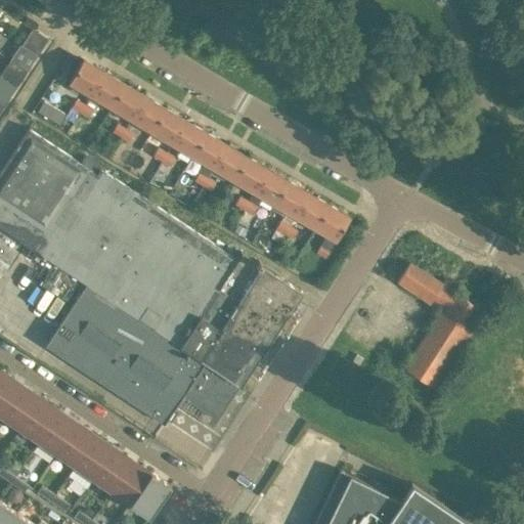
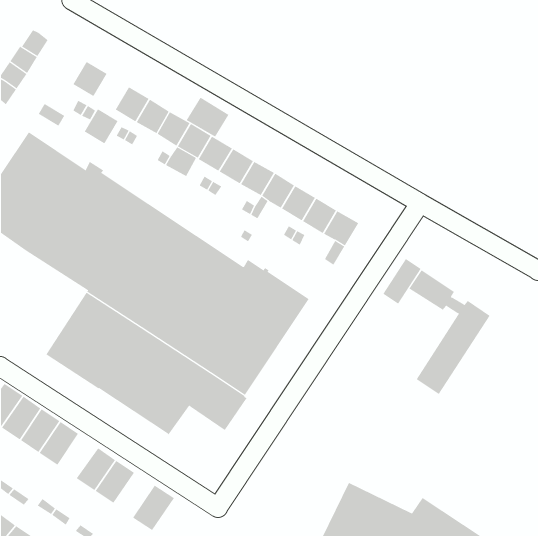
building: [91,74,125,108] -> [84,108,118,144]
building: none -> [186,96,230,138]
building: none -> [382,258,422,304]
building: [56,424,95,467] -> none
building: [111,462,149,505] -> none

